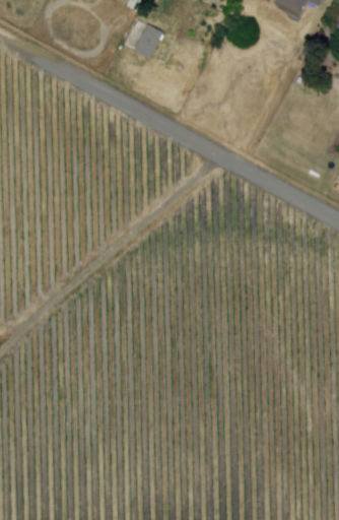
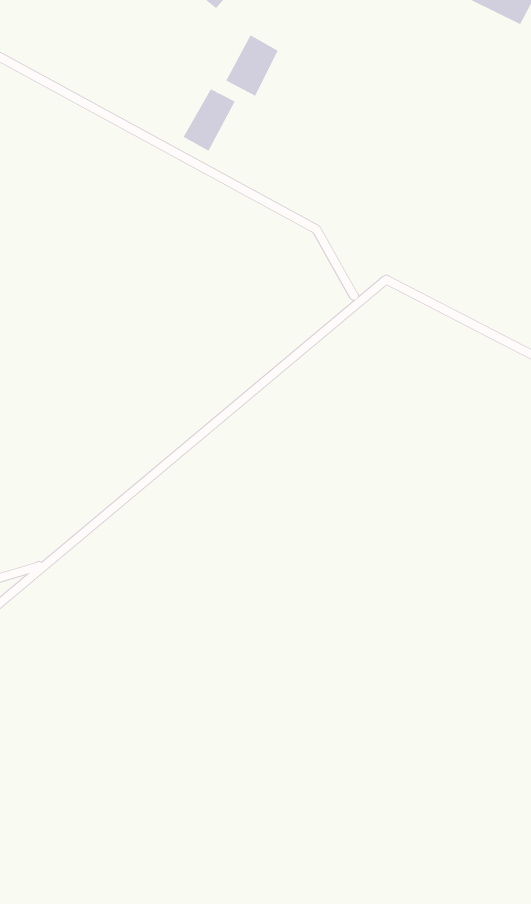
building: none -> [182,88,236,152]

